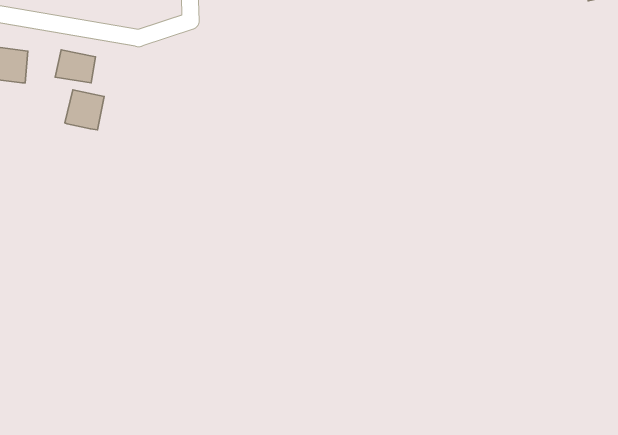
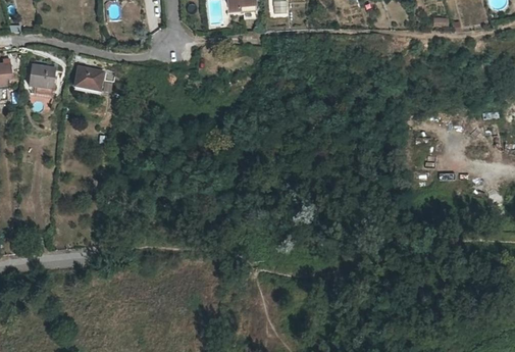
building: [65,90,104,130] -> none

